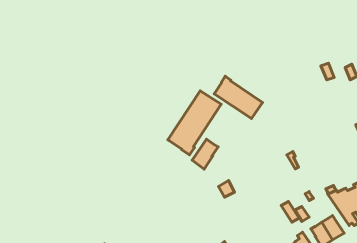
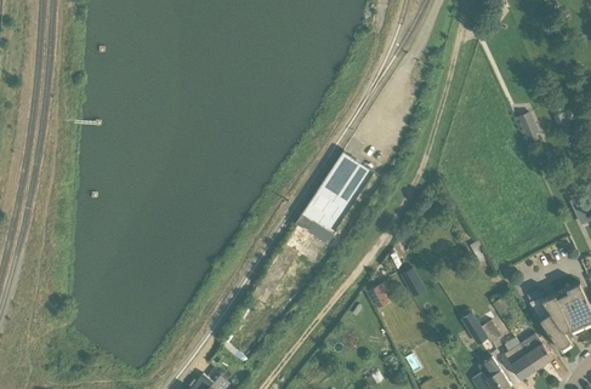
building: [214,76,262,118] -> none
building: [192,139,218,169] -> none

